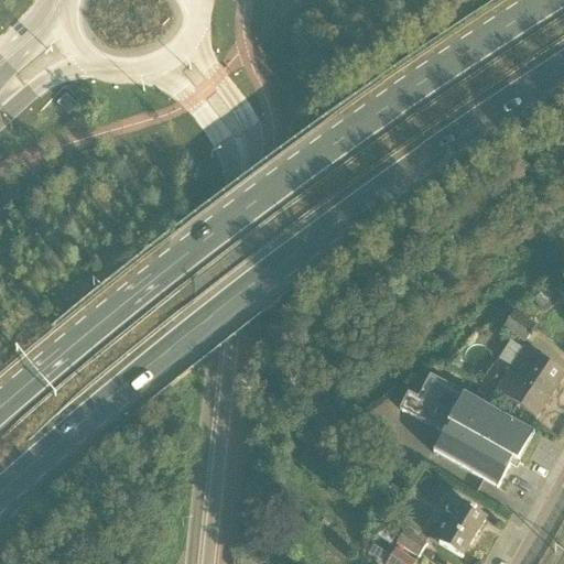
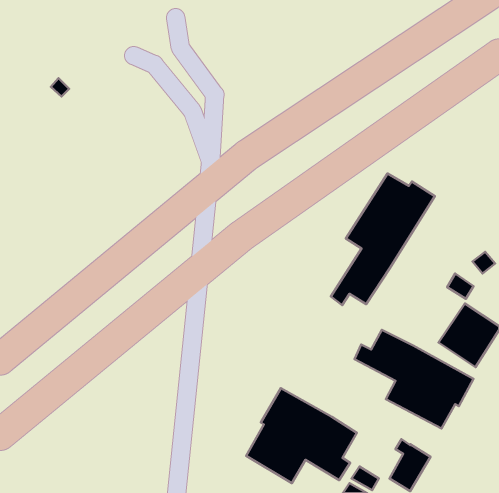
building: none -> [331,173,435,305]
building: none -> [246,388,357,483]

